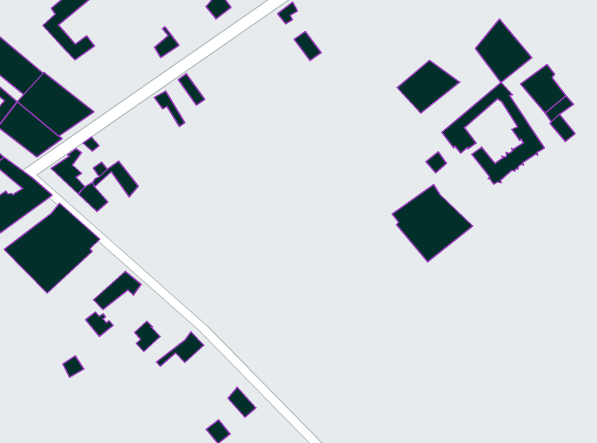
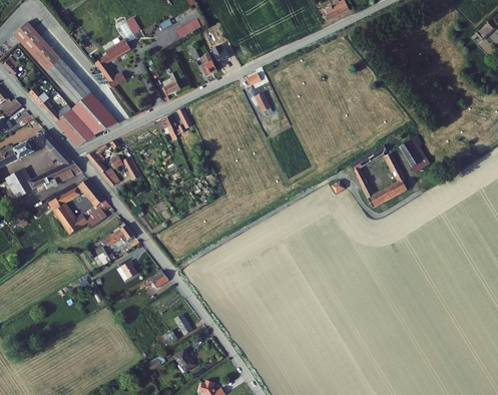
building: [476,19,532,82] -> none
building: [397,60,460,113] -> none
building: [392,185,473,262] -> none

